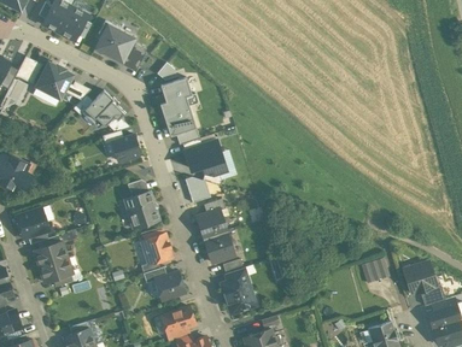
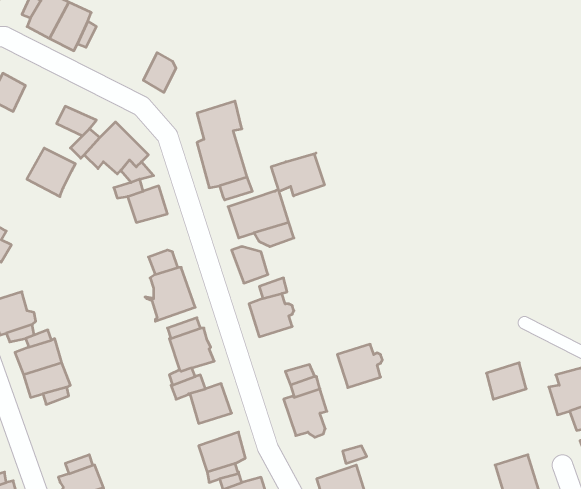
building: [95,22,135,61] -> none
building: [37,64,71,98] -> [27,148,75,197]
building: none -> [271,153,324,196]
building: [204,233,235,263] -> [337,344,382,388]

